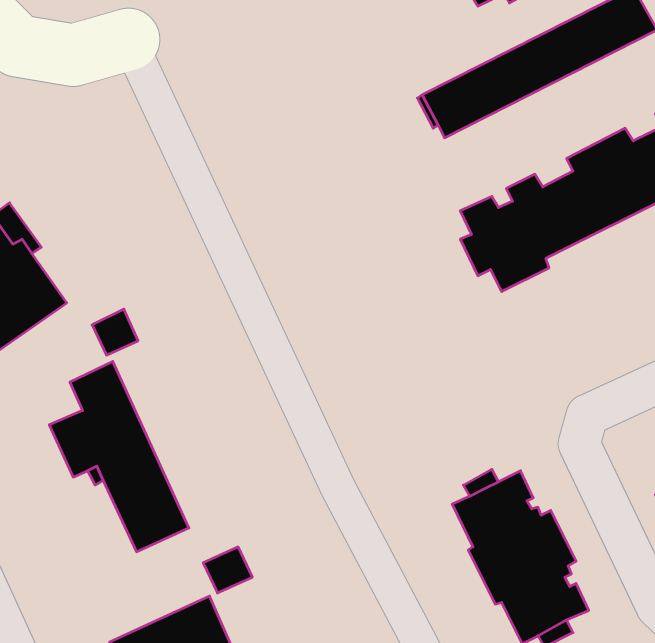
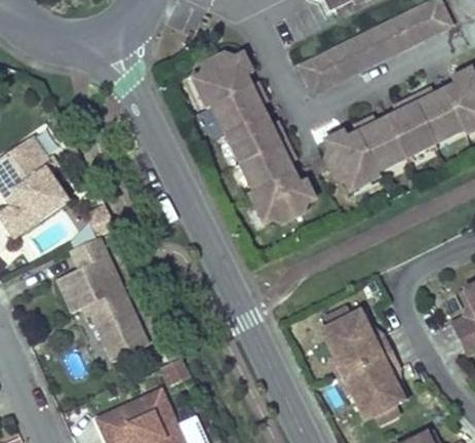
building: none -> [192,53,315,225]

